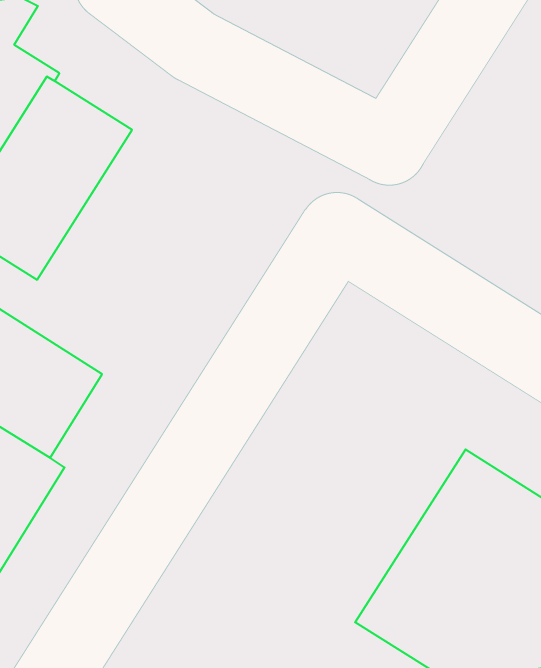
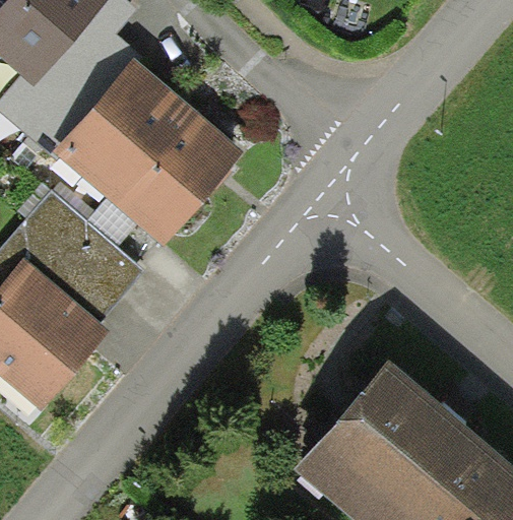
building: none -> [108,104,246,247]

